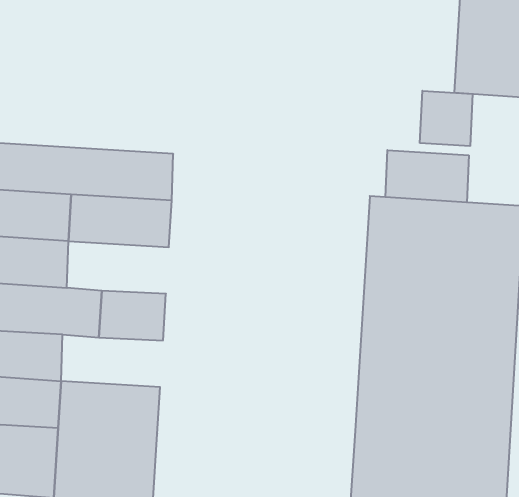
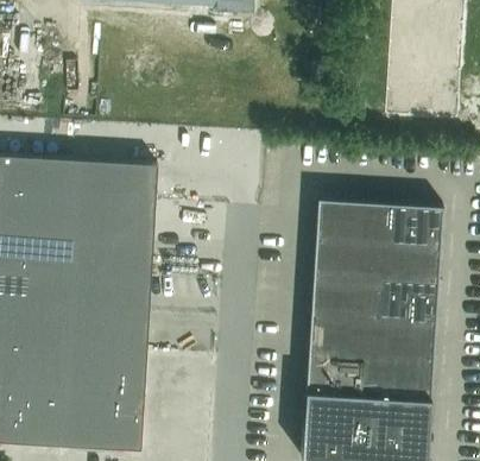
building: [420,91,473,146] -> none
building: [385,150,469,202] -> none
building: none -> [69,236,152,279]
building: none -> [64,312,147,355]

